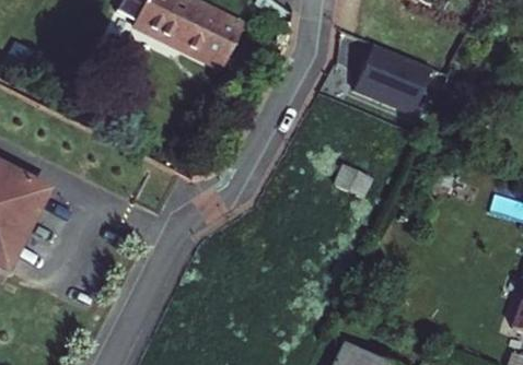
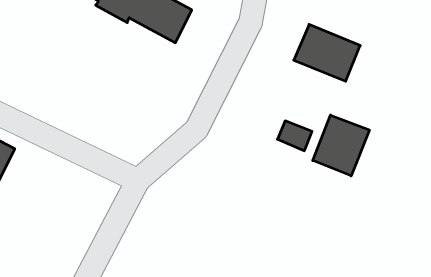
building: none -> [313,115,369,176]

